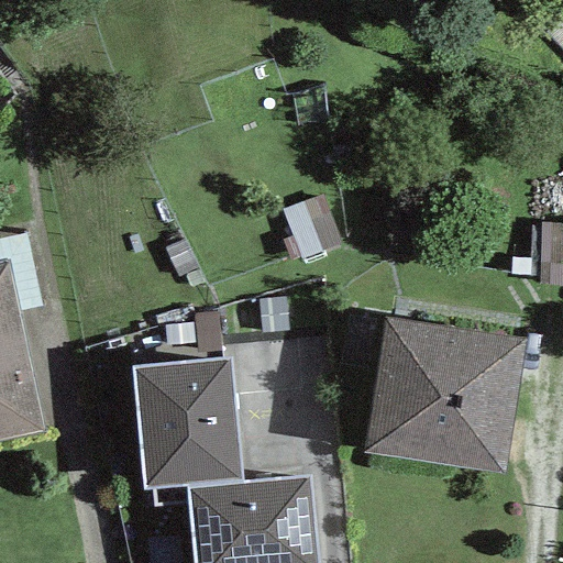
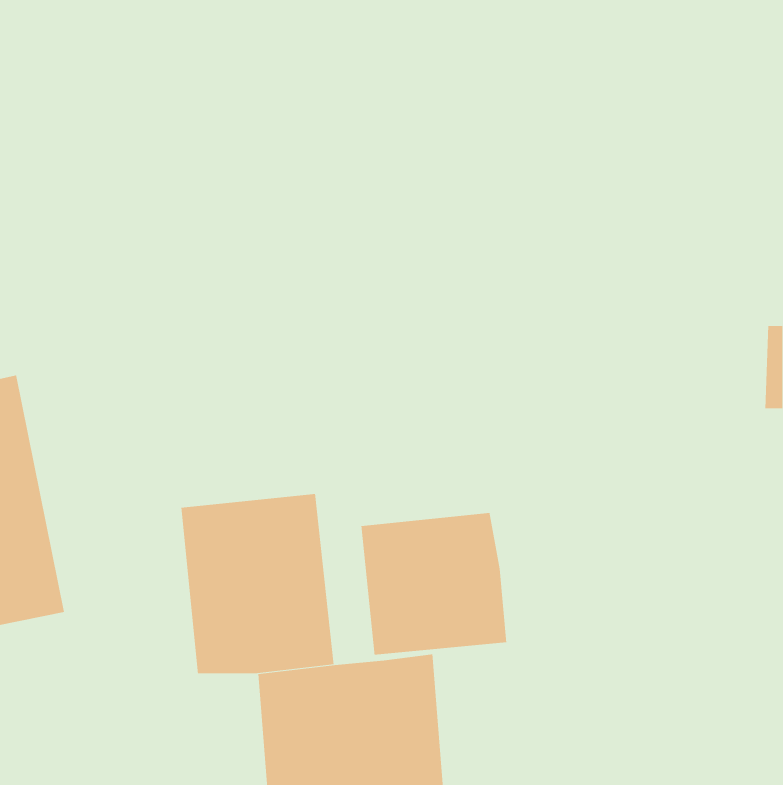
building: [378,324,530,468] -> none
building: none -> [361,512,507,655]

